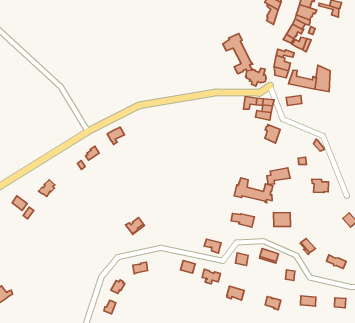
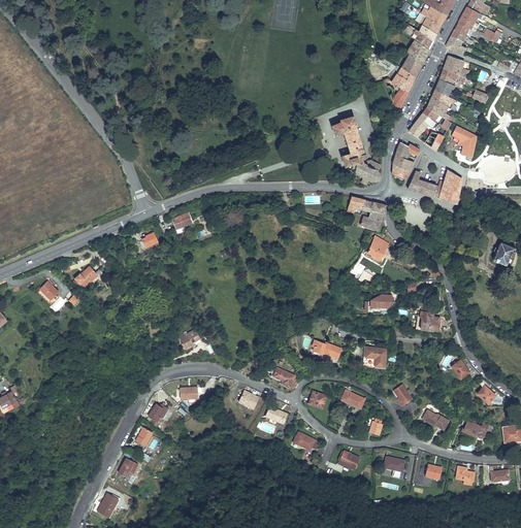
building: none -> [452,126,477,157]
building: [234,178,273,203] -> none

